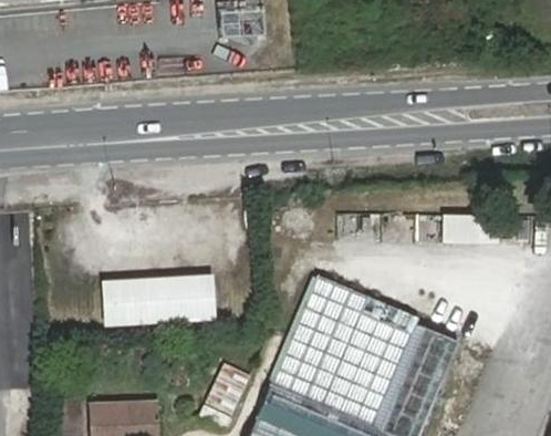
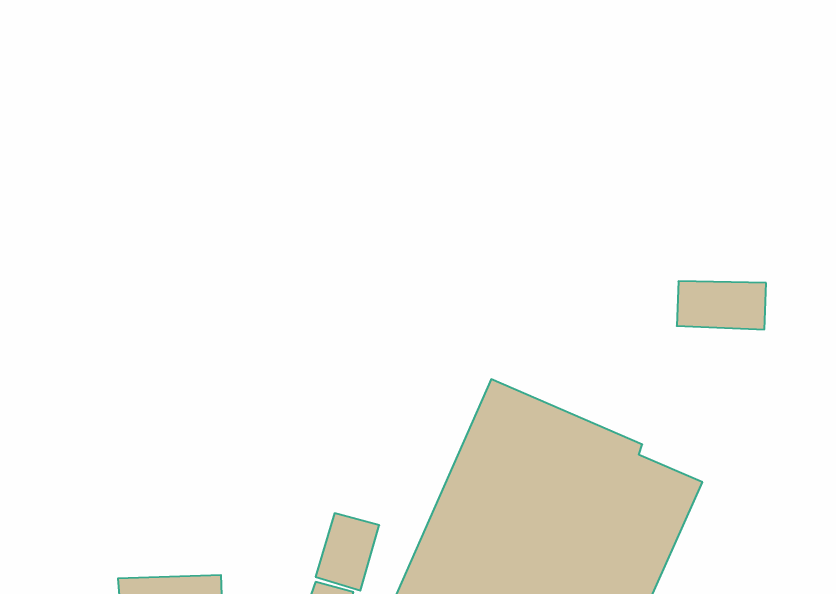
building: [111,277,216,324] -> none

